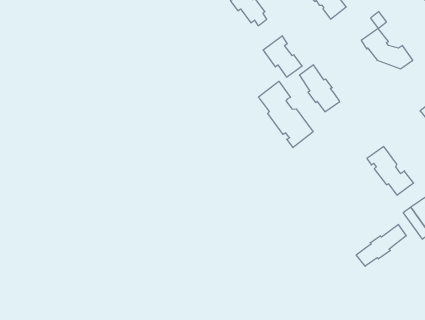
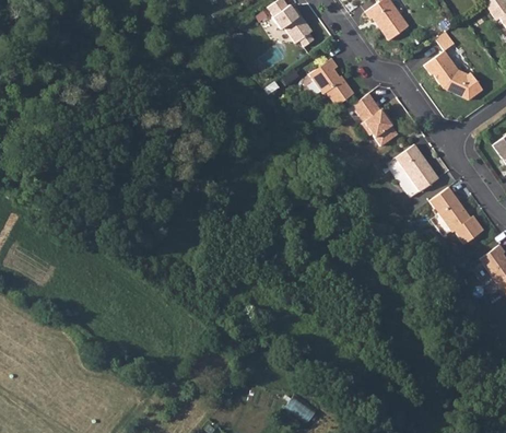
building: [259,81,313,148] -> none
building: none -> [397,144,440,192]
building: [356,224,406,266] -> none

